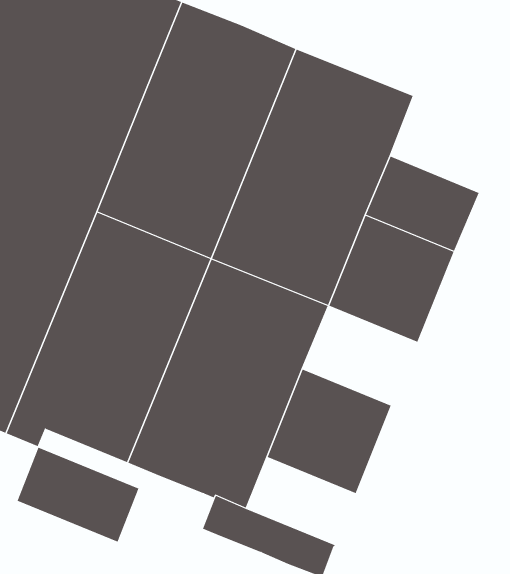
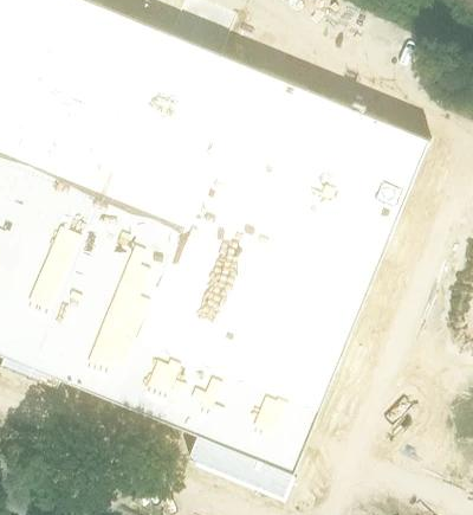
building: none -> [337,110,428,188]
building: none -> [266,279,359,360]
building: [17,447,139,543] -> none
building: none -> [221,401,310,472]

